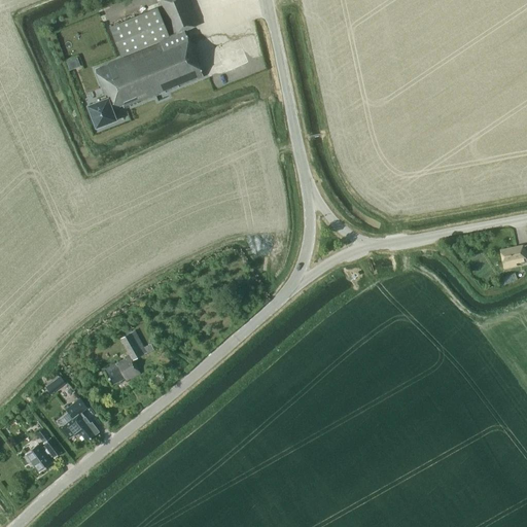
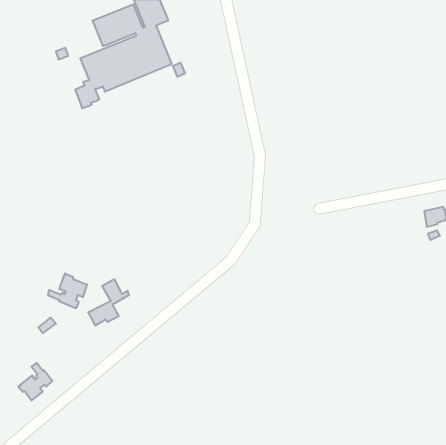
building: none -> [48,273,87,308]
building: [62,397,99,441] -> none

